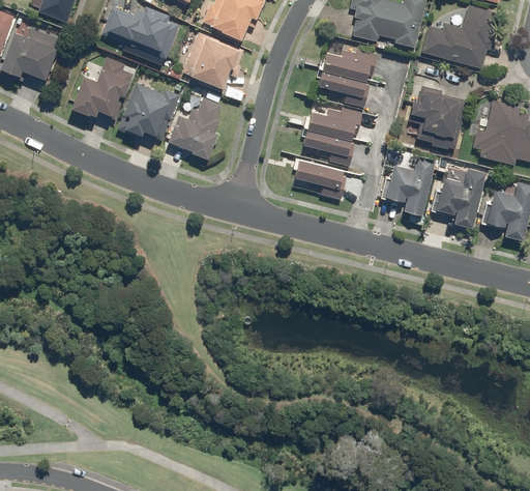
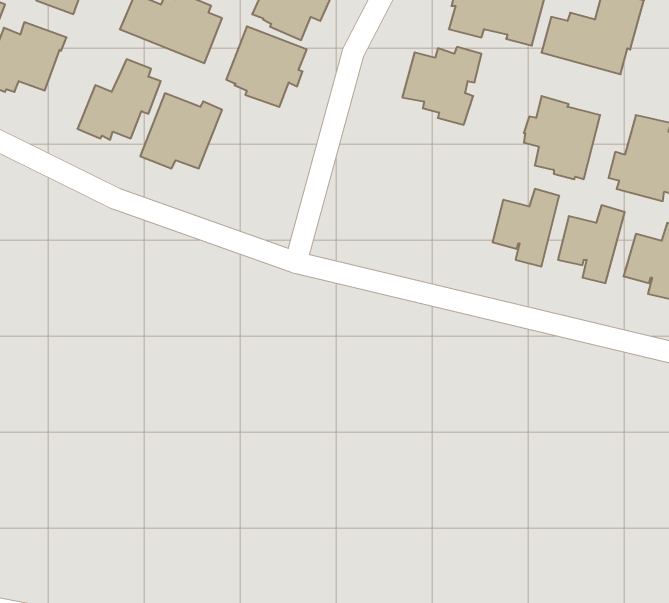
building: [167,97,222,160] -> none
building: [301,107,362,166] -> none
building: [293,160,346,199] -> none

